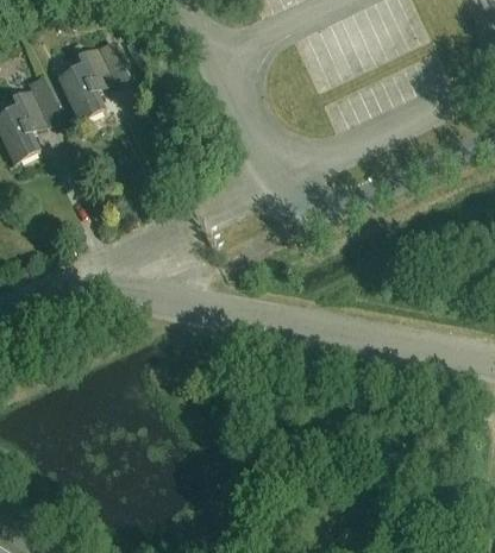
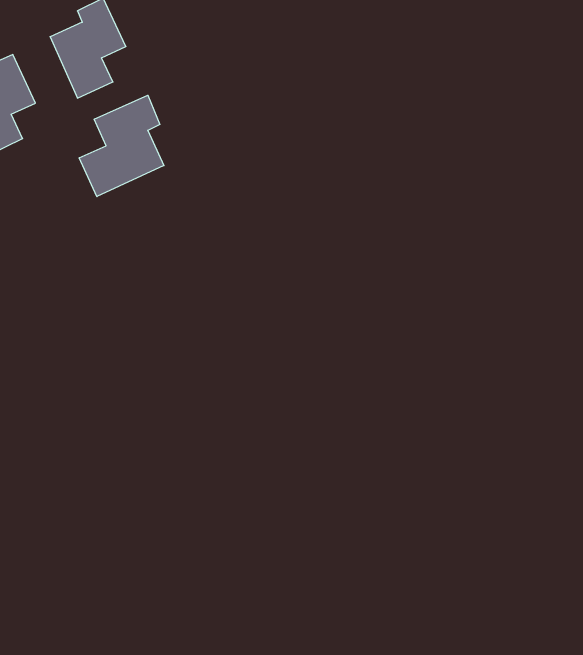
building: none -> [79,95,164,197]

